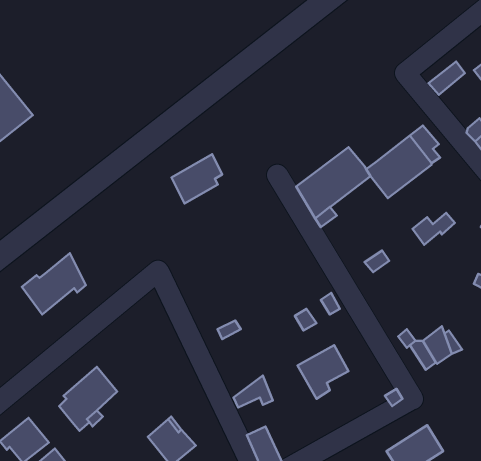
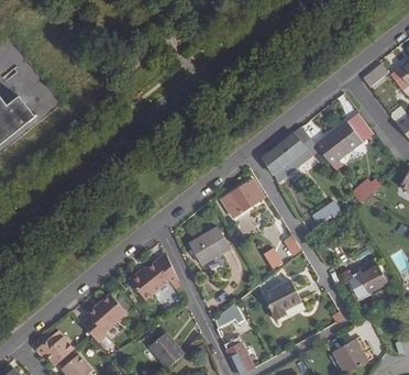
building: [171,154,222,204] -> [219,183,257,220]
building: [22,253,86,314] -> [129,254,177,300]
building: none -> [189,228,229,263]

